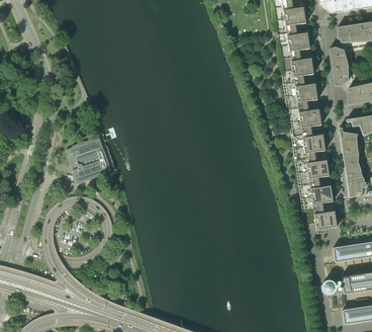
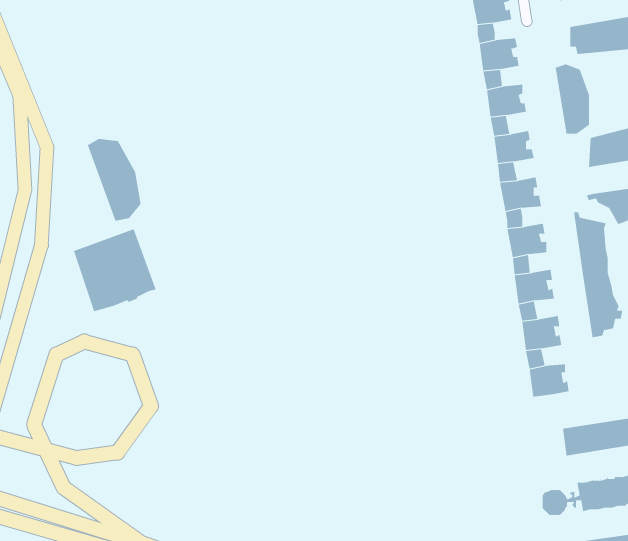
building: none -> [87,138,141,222]

